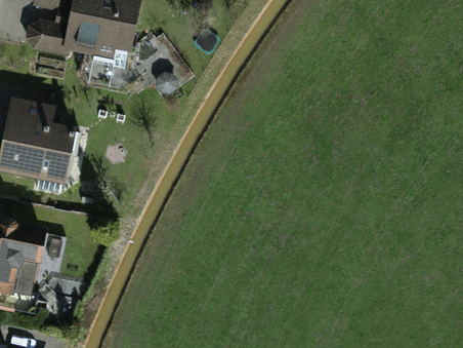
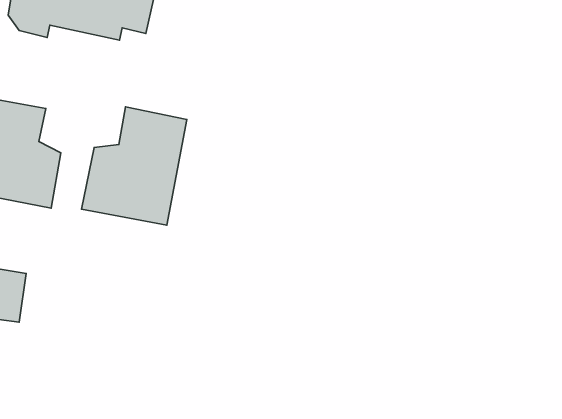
building: none -> [81,107,187,225]

